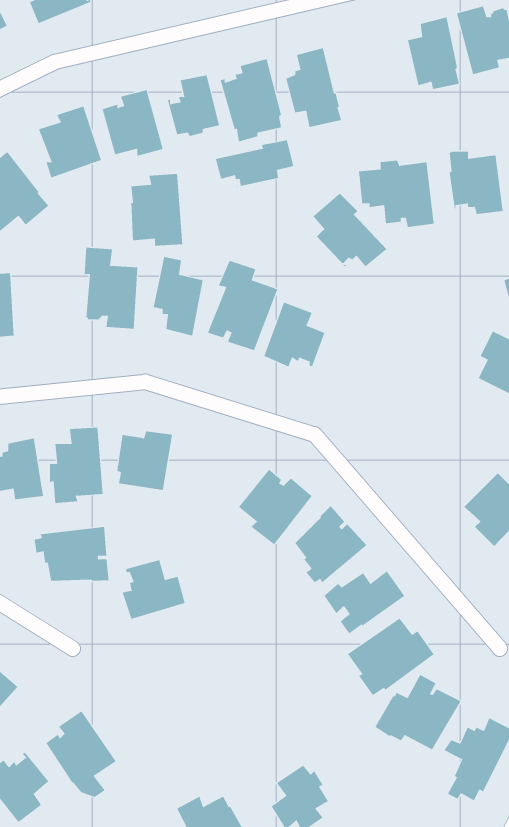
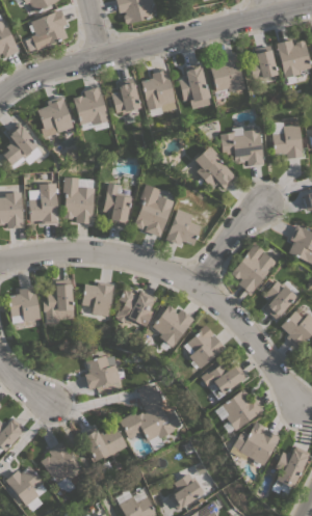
building: none -> [210,54,245,92]
building: [215,139,294,188] -> none
building: [130,174,183,246] -> [29,184,59,225]
building: none -> [232,243,278,294]
building: none -> [263,280,297,320]
building: none -> [115,290,156,327]
building: [34,526,109,582] -> none
building: none -> [120,400,176,441]
building: none -> [81,427,128,461]

